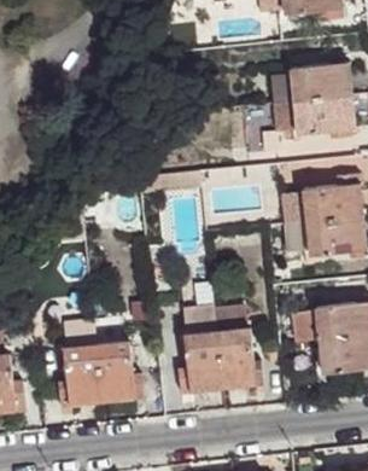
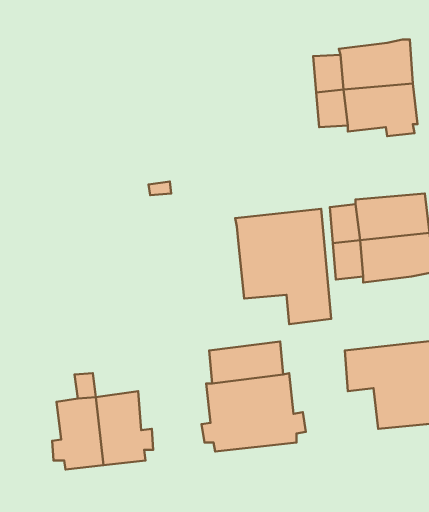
building: none -> [235,209,331,324]

